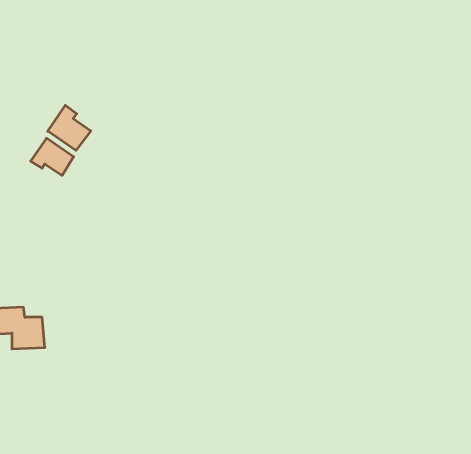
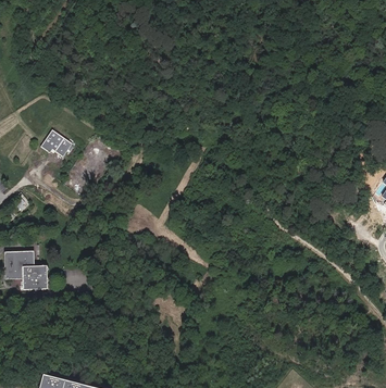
building: [48,105,91,150] -> none

